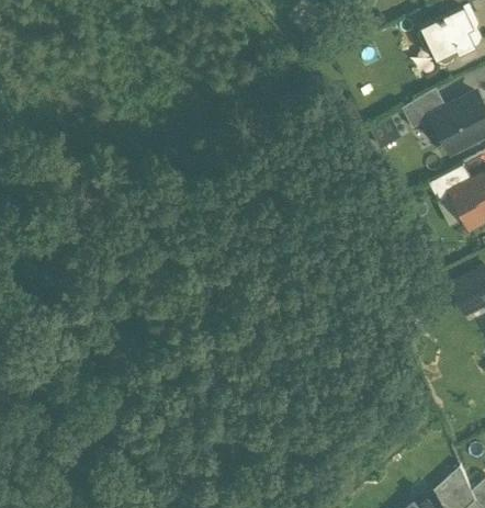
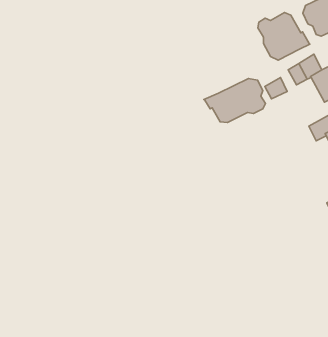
building: none -> [258,13,310,60]
building: none -> [204,78,266,123]

